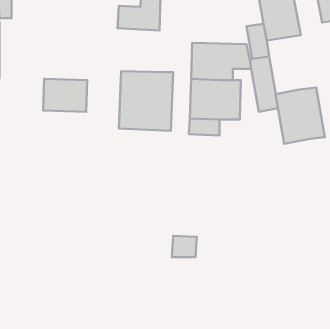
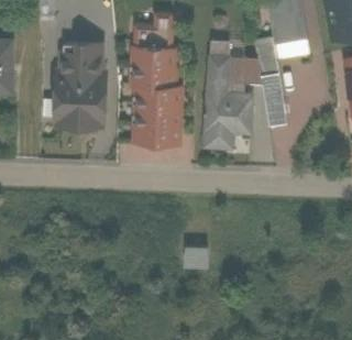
building: none -> [59,39,107,95]
building: none -> [130,44,179,87]
building: [276,88,325,144] -> none

